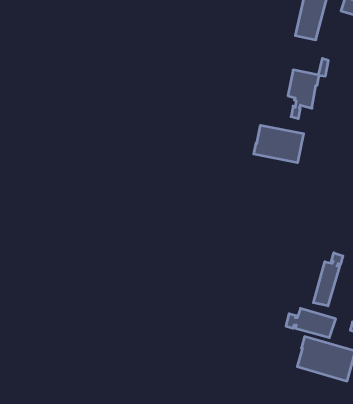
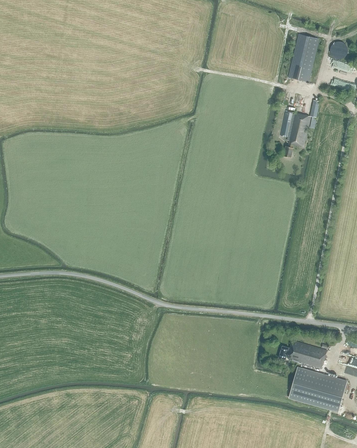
building: [254,125,304,163] -> none
building: [313,253,343,306] -> none

